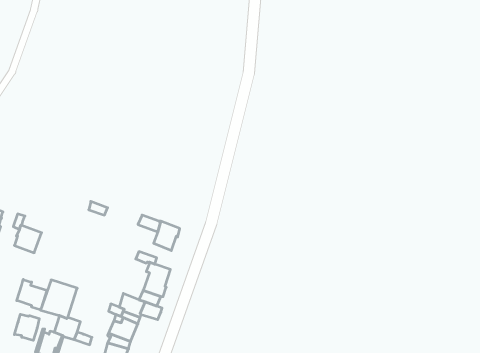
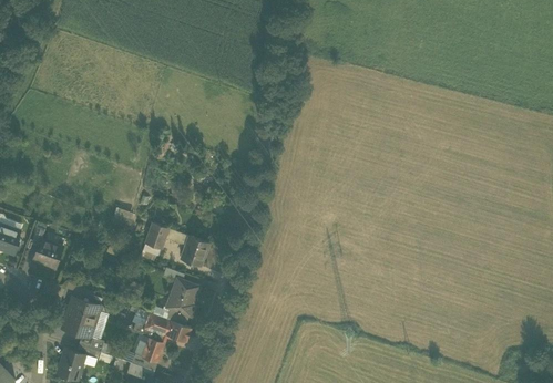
building: none -> [142,221,168,257]
building: [17,279,47,310] -> none
building: [14,314,39,340] -> none

